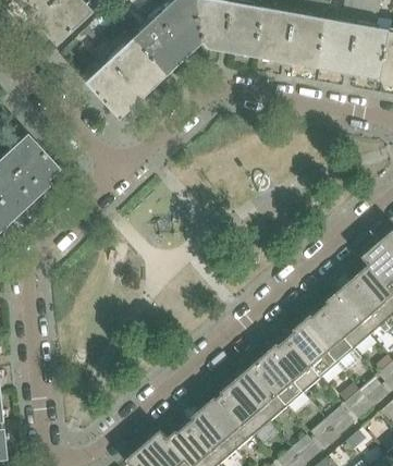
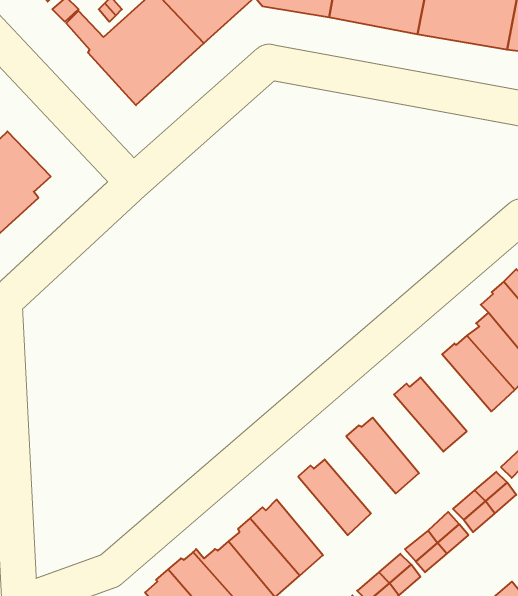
building: [319,294,369,348] -> none
building: [285,322,335,378] -> none
building: [251,352,302,406] -> none
building: [218,380,268,436] -> none

